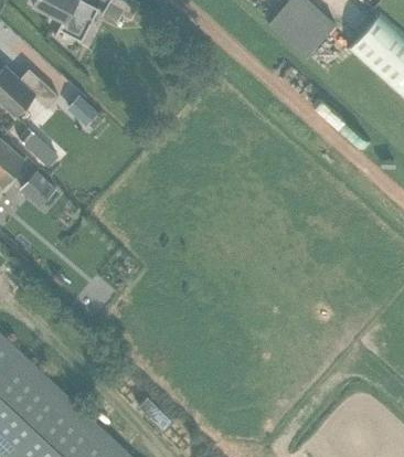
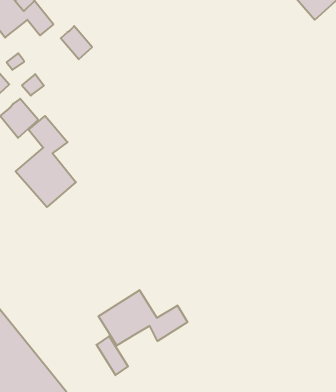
building: none -> [16,116,76,207]
building: none -> [98,290,187,346]

